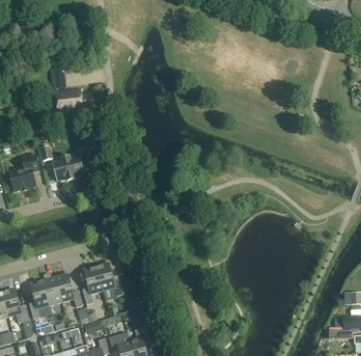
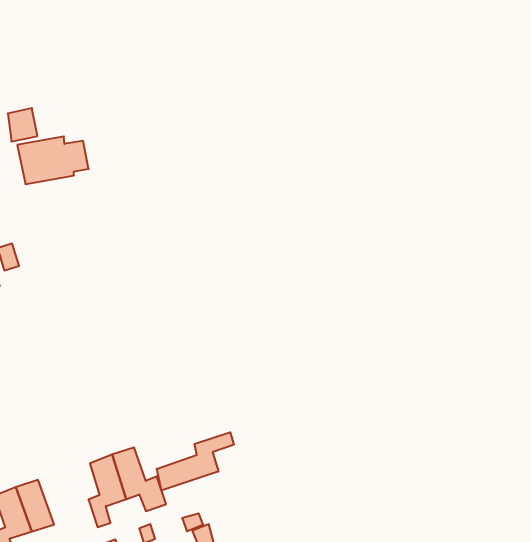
building: [52,155,82,181] -> none
building: none -> [157,432,234,491]
building: [54,273,82,306] -> none

